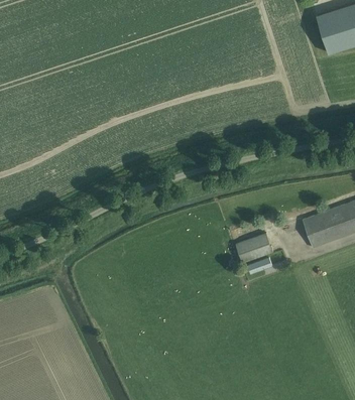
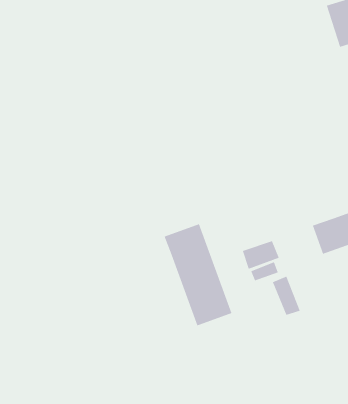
building: none -> [164,223,233,327]
building: none -> [272,275,301,316]

